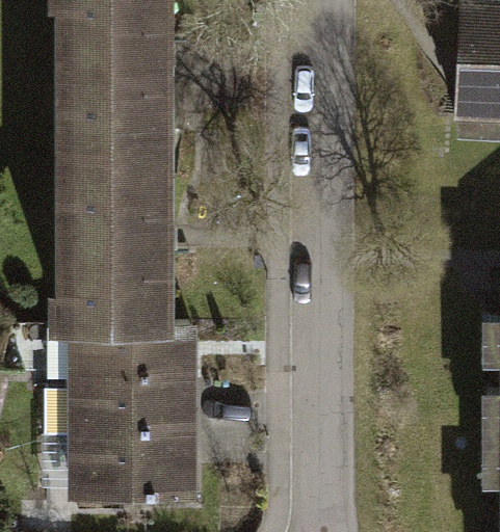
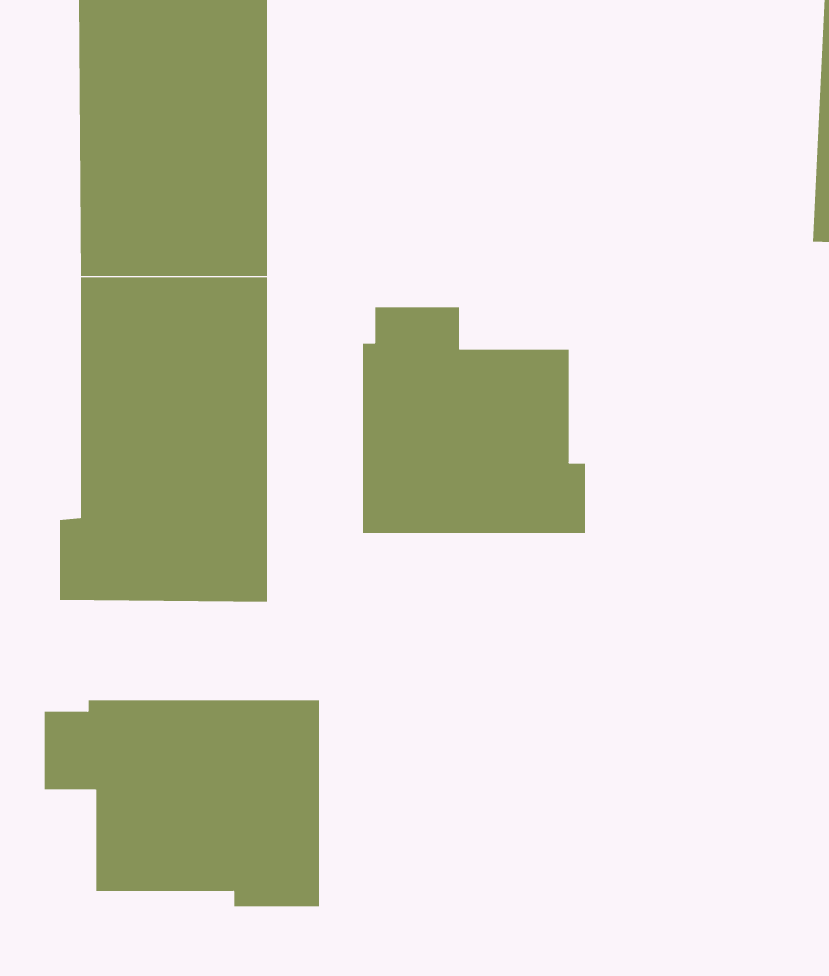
building: none -> [362,306,586,534]
building: [47,326,194,380] -> none

